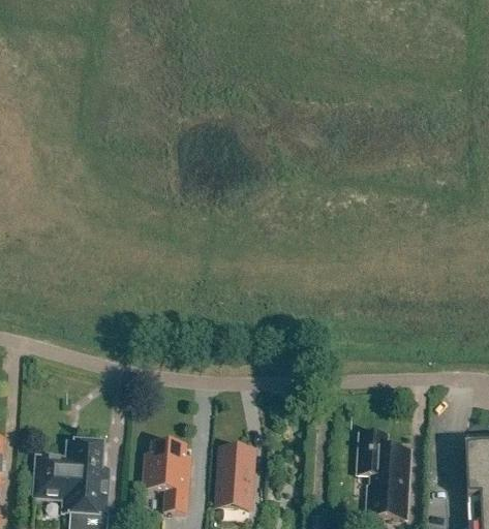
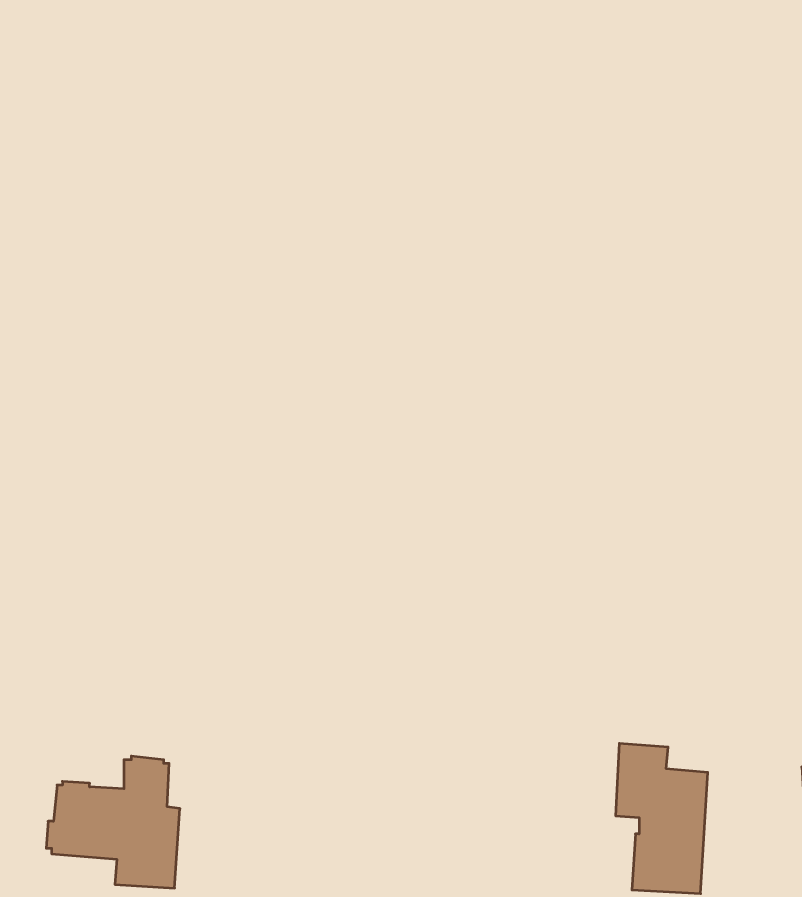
building: [144,441,192,510] -> none
building: [218,447,255,501] -> none

